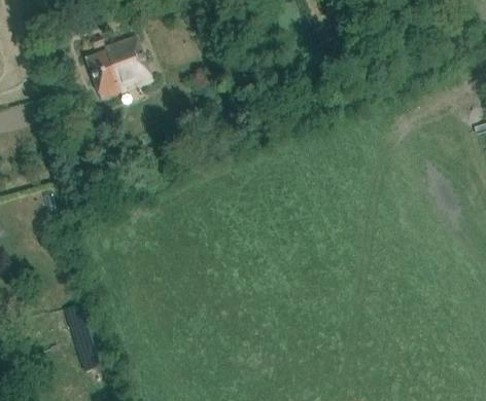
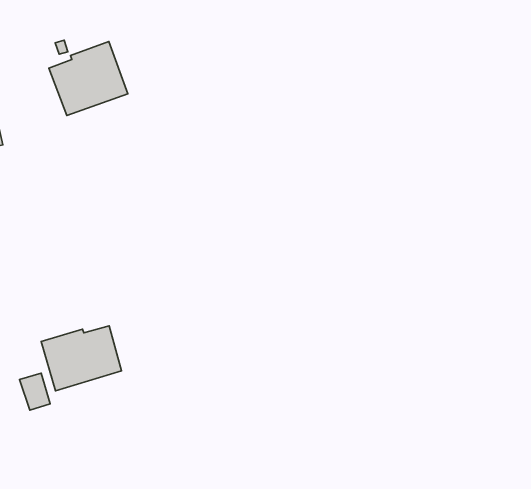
building: none -> [41,326,122,391]

